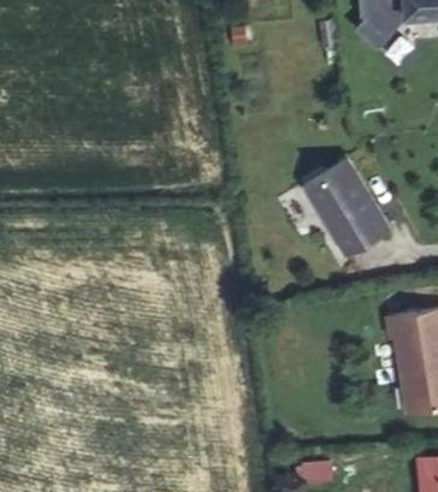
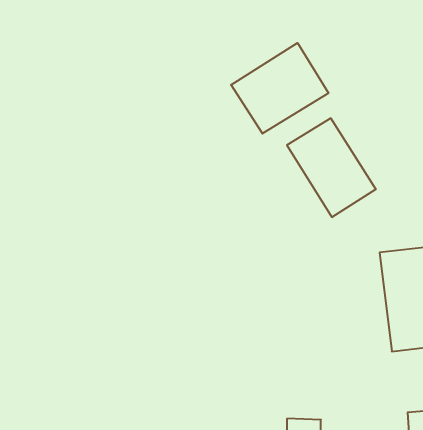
building: none -> [231,43,328,134]

